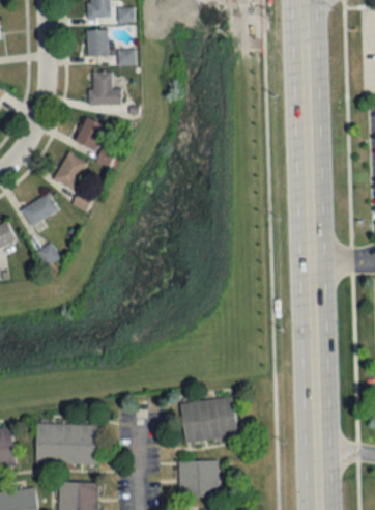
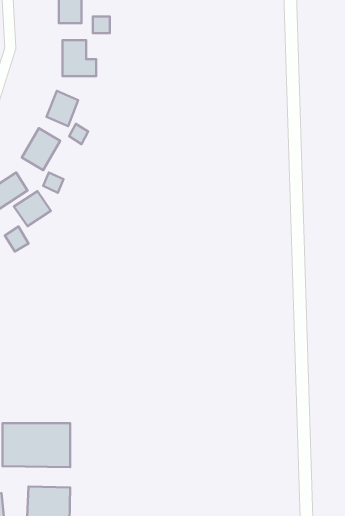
building: none -> [14,191,51,226]
building: [179,396,237,442] -> none
building: [178,460,218,497] -> none

